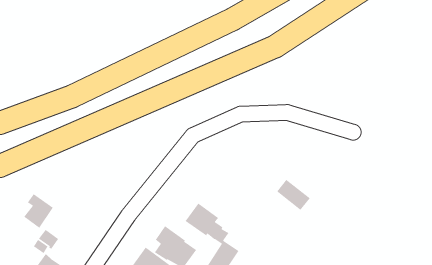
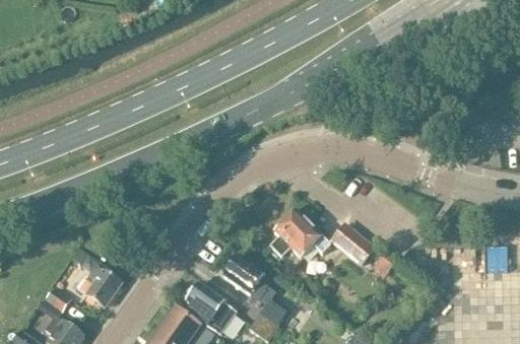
building: none -> [271,209,329,256]
building: [23,193,54,229] -> [84,264,121,306]

